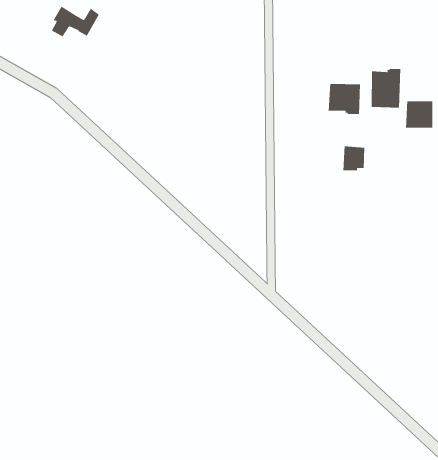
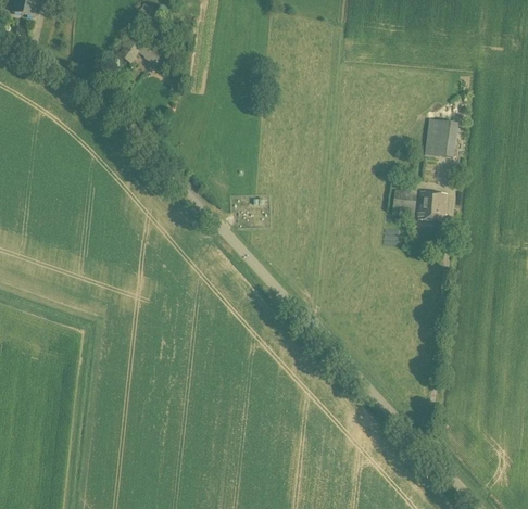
building: [328,83,361,115] -> none
building: [405,101,433,129] -> [417,191,447,220]

